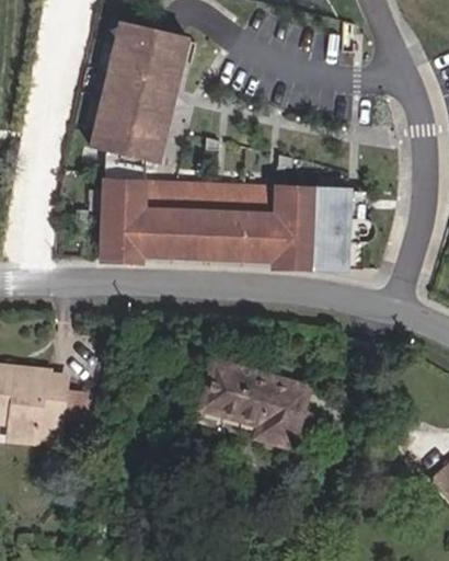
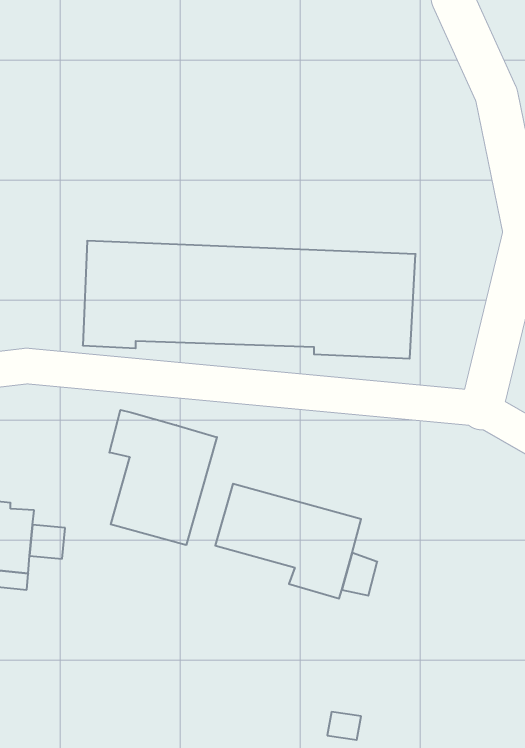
building: [90,20,186,162] -> none
building: none -> [109,410,217,545]

